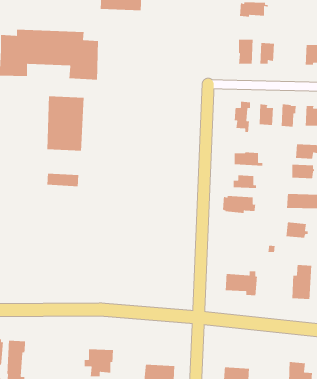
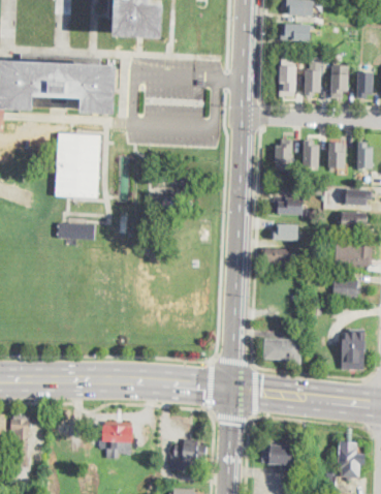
building: none -> [328,65,349,98]

